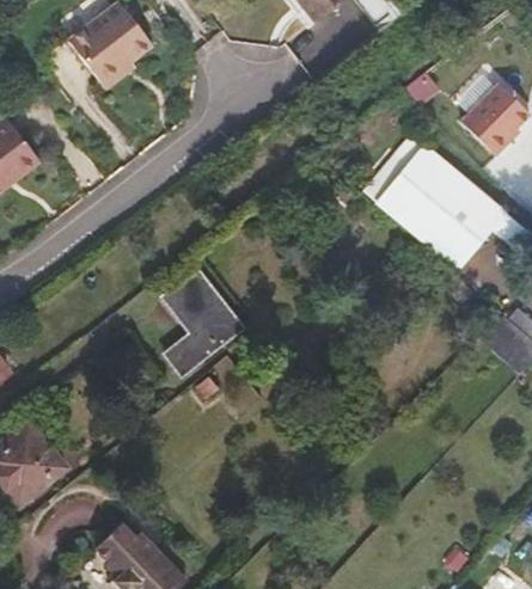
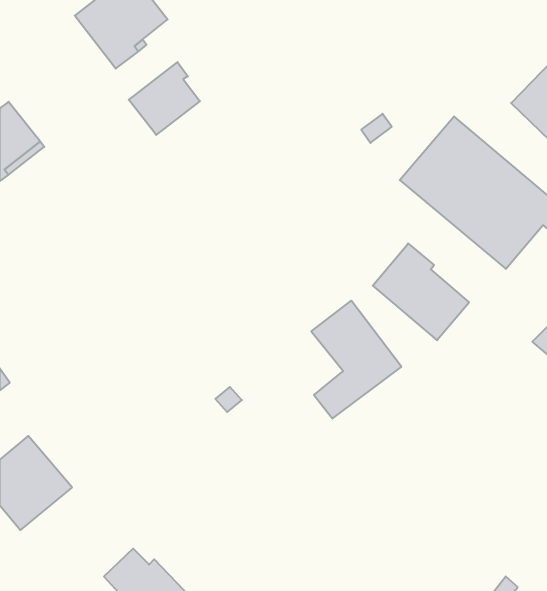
building: none -> [129,62,200,135]
building: none -> [373,243,469,340]
building: [163,269,244,375] -> [311,301,401,419]

